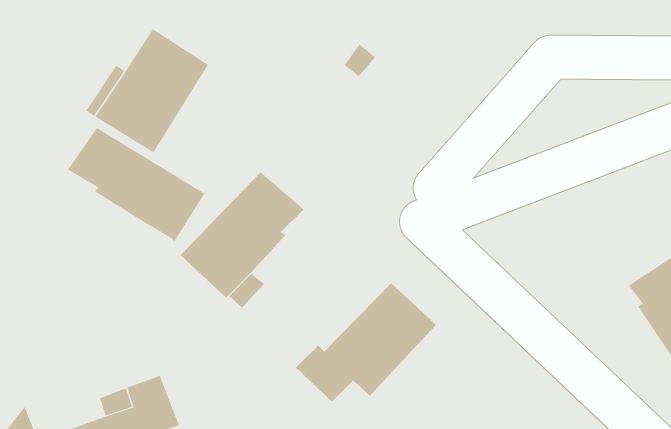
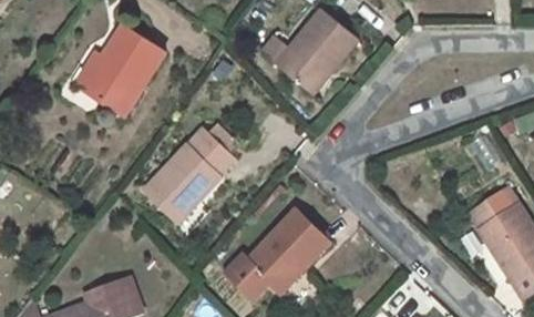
building: none -> [277,9,359,93]
building: [67,127,205,242] -> none

